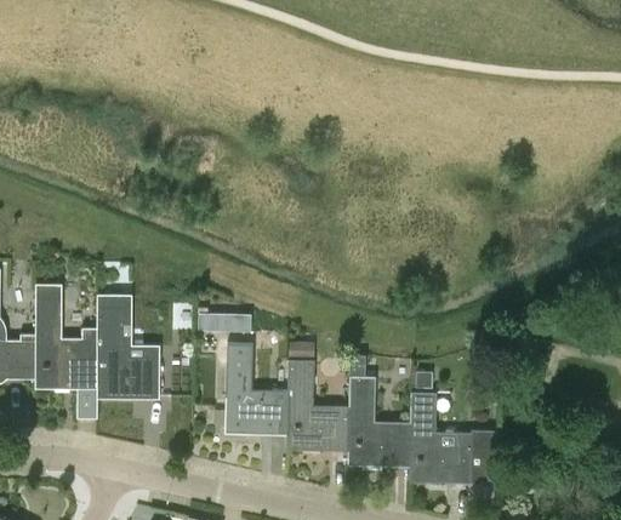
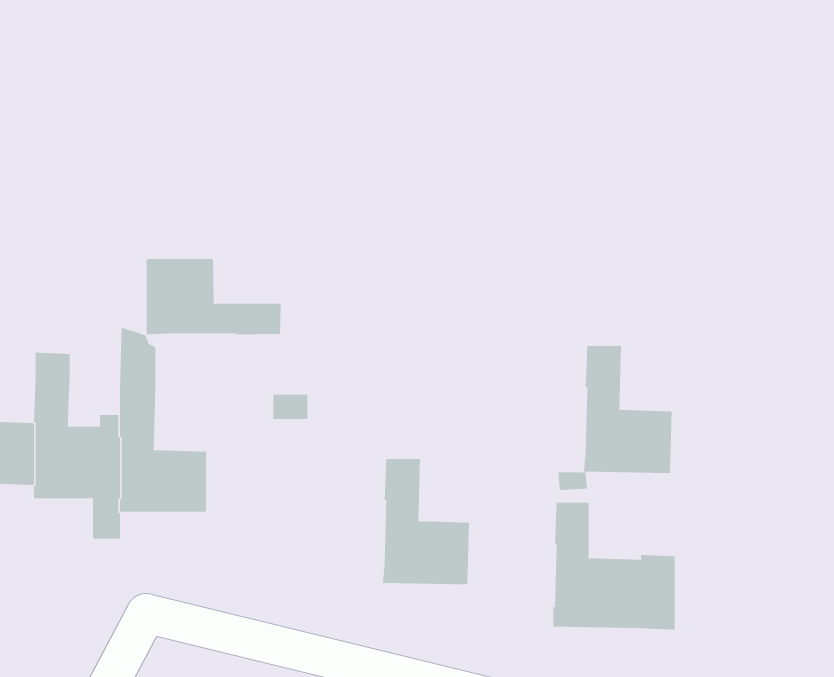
building: none -> [146,258,281,335]
building: [226,343,289,435] -> none
building: [347,375,411,467] -> [583,345,673,473]

